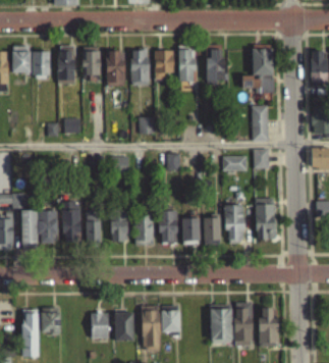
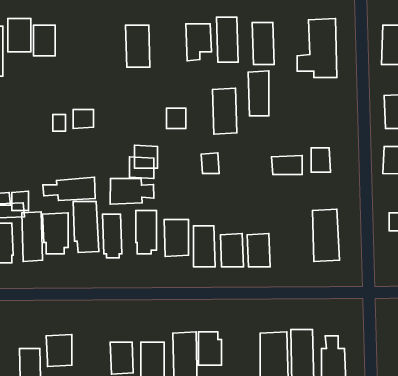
building: [58,46,74,85] -> none
building: [81,47,101,82] -> none
building: [130,50,150,87] -> [213,88,237,134]
building: [252,106,268,142] -> [248,71,269,116]
building: none -> [43,177,95,200]
building: none -> [110,178,154,204]
building: [224,206,244,244] -> none

